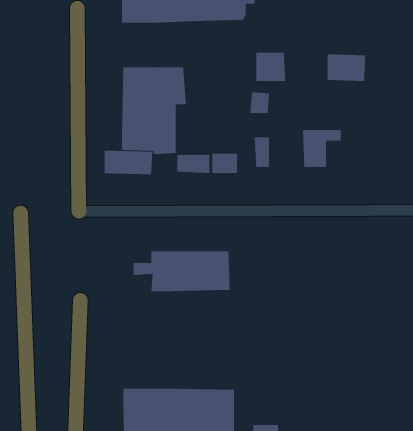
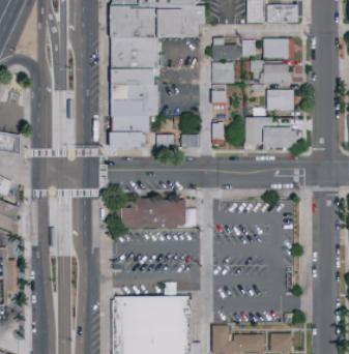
building: none -> [211,36,238,58]
building: none -> [262,37,293,57]
building: none -> [116,39,165,71]
building: none -> [266,88,292,110]
building: none -> [263,126,297,147]

